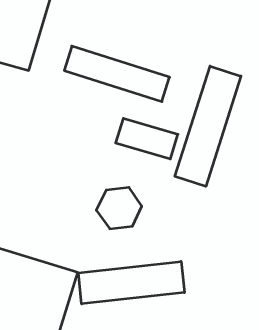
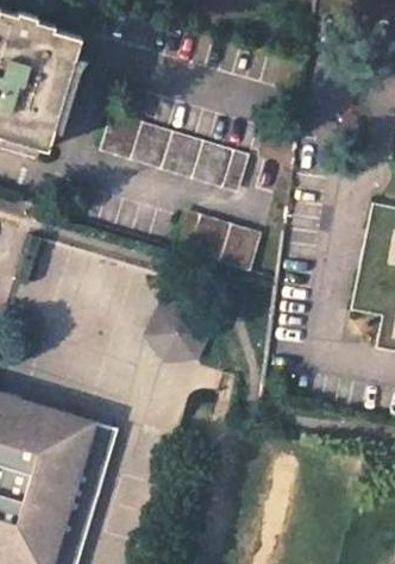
building: [175,66,241,186] -> none
building: [78,261,184,304] -> none

